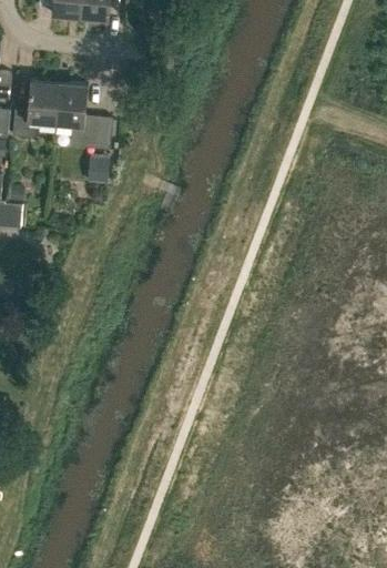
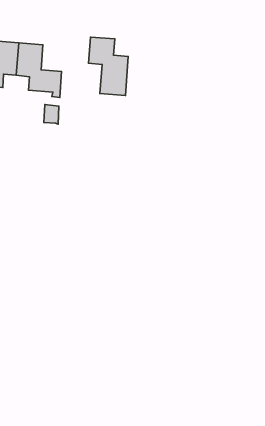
building: none -> [89,37,128,96]

